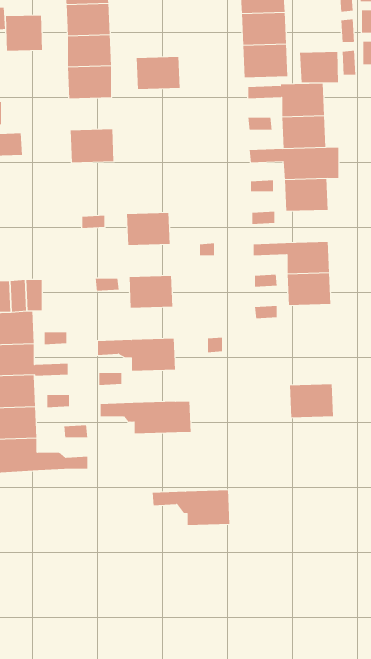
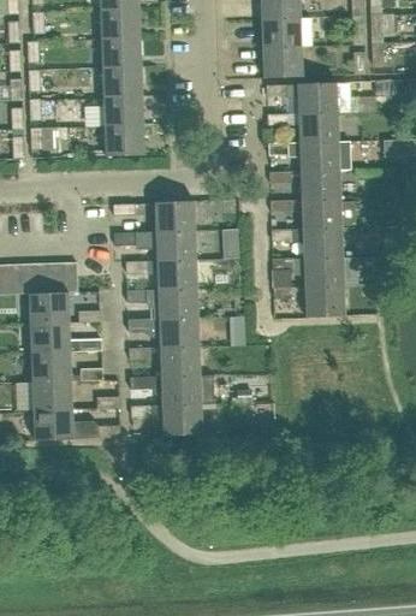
building: [5,15,43,51] -> none
building: [300,51,338,83] -> none
building: [136,57,180,89] -> [102,95,143,125]
building: none -> [302,199,356,229]
building: none -> [114,230,197,260]
building: none -> [127,288,200,318]
building: none -> [160,345,201,375]
building: [289,384,334,418] -> [304,285,345,316]
building: [152,490,230,525] -> [131,403,203,436]

